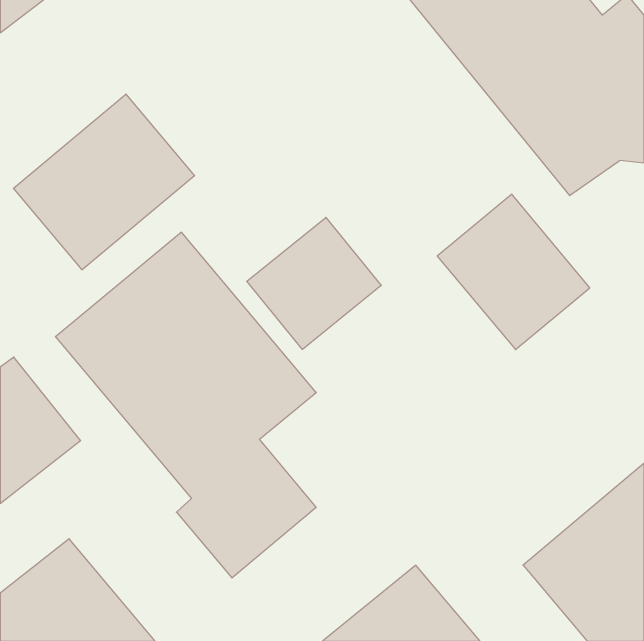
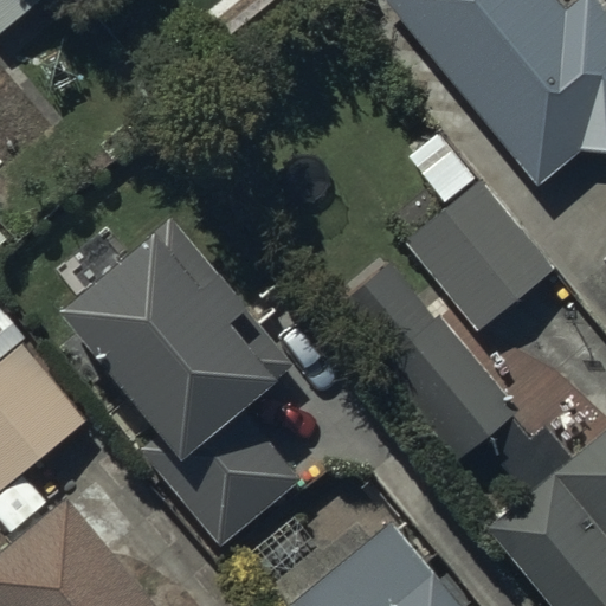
building: [13,94,195,270] -> none
building: [247,217,381,349] -> none
building: none -> [333,265,516,464]

